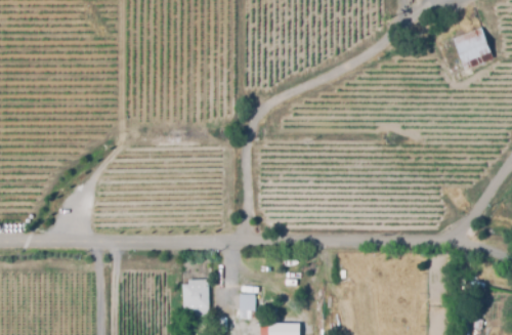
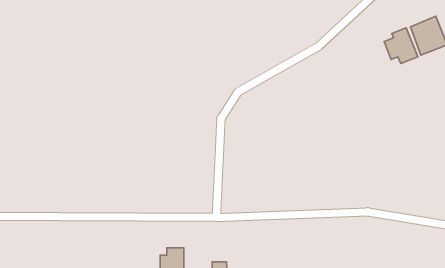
building: none -> [384,28,418,64]

